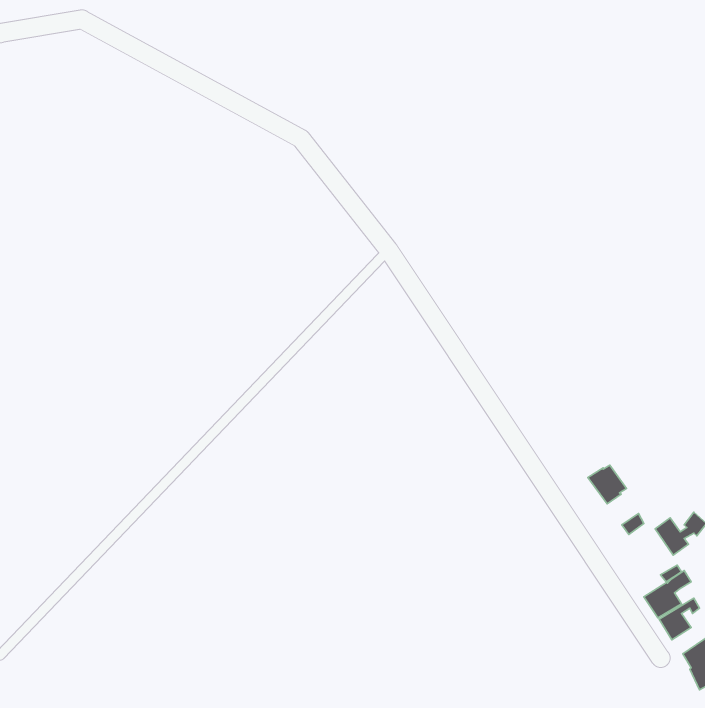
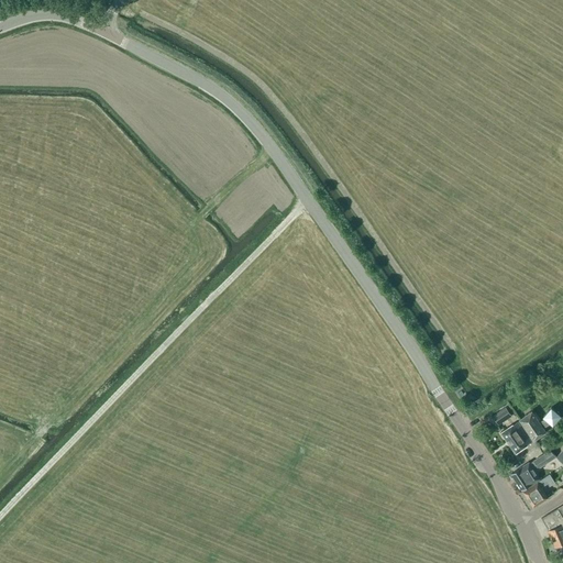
building: [588,465,627,504] -> [504,421,534,452]

